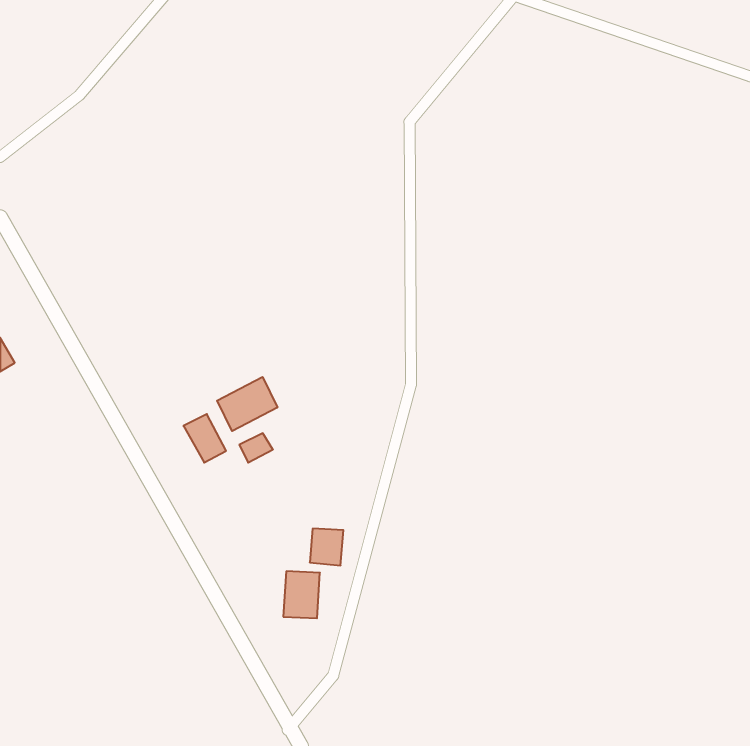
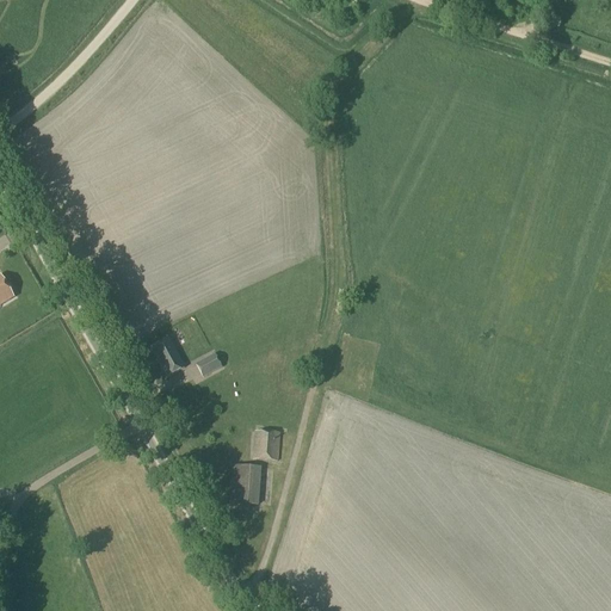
building: [217,377,277,431] -> none

